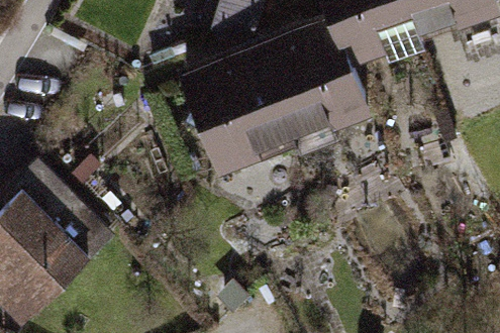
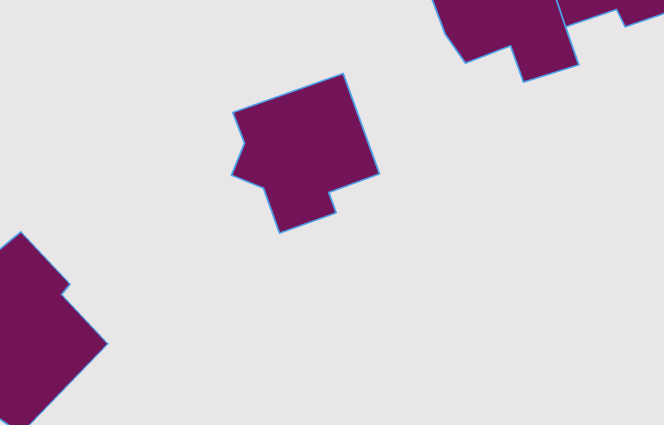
building: [261,36,363,158] -> none

